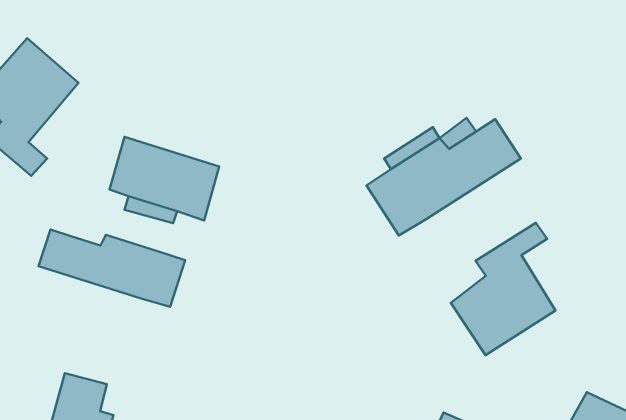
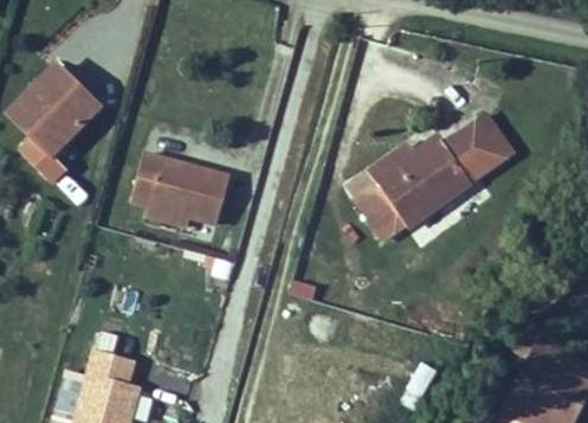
building: [451,223,555,355] -> none
building: [38,230,185,307] -> none

